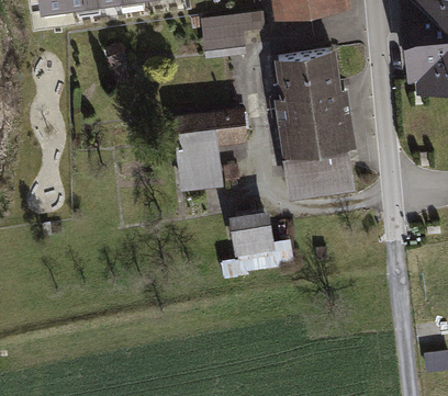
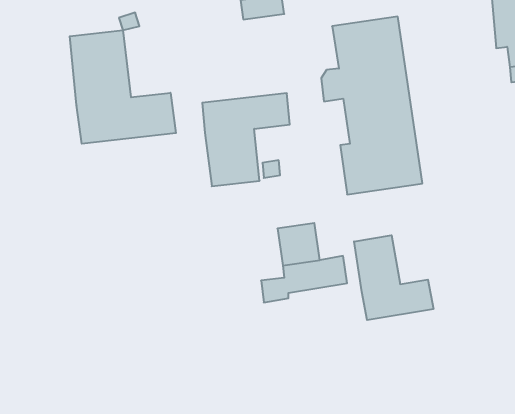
building: none -> [70,30,176,144]
building: none -> [354,235,433,320]

